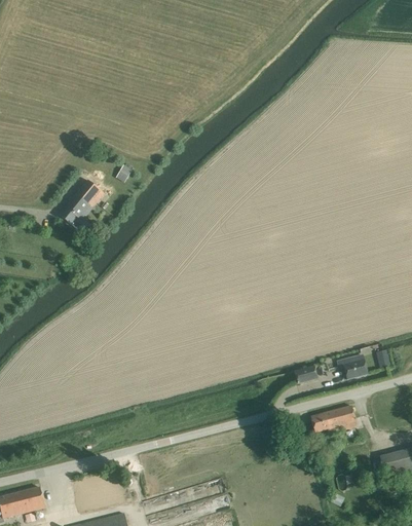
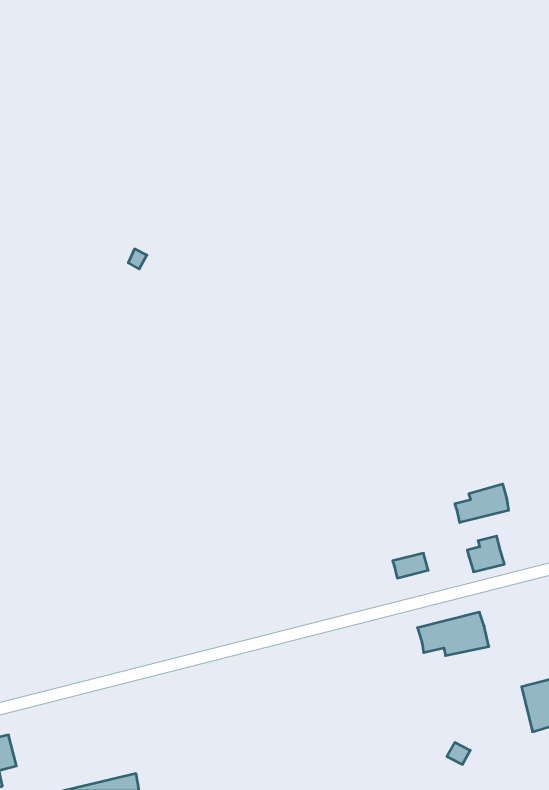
building: [60,180,104,224] -> none
building: none -> [455,484,509,523]

